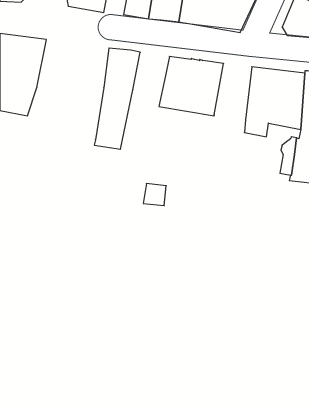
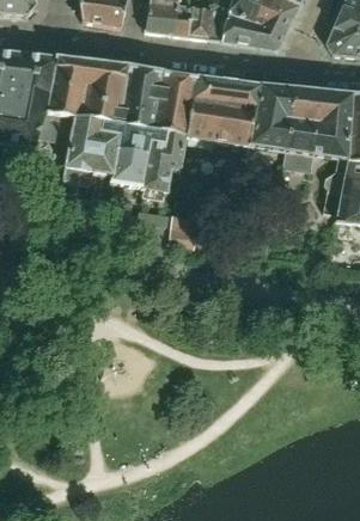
building: none -> [45,56,128,180]
building: none -> [141,71,197,189]
building: none -> [249,84,292,148]

